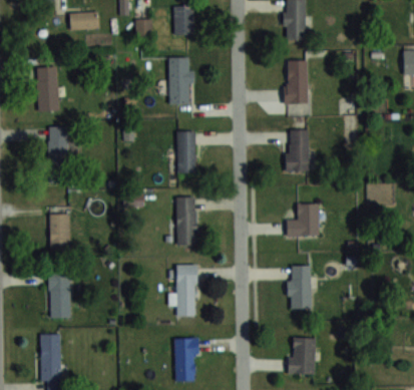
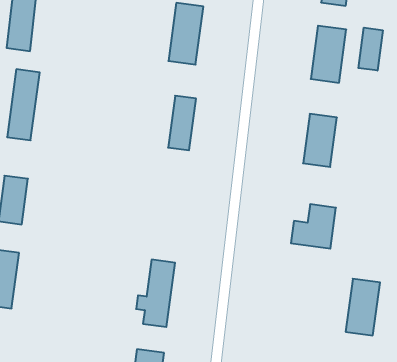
building: none -> [358,28,383,71]
building: [177,197,197,246] -> none
building: [289,266,311,309] -> [346,279,380,335]

